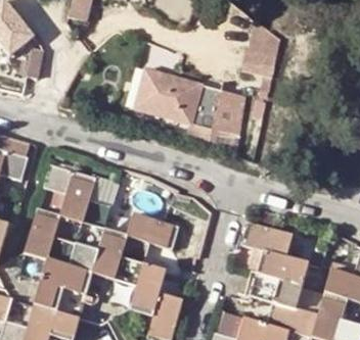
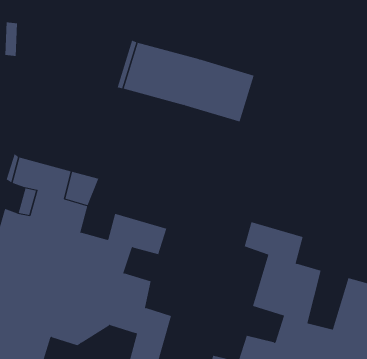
building: [241,46,278,79] -> none

